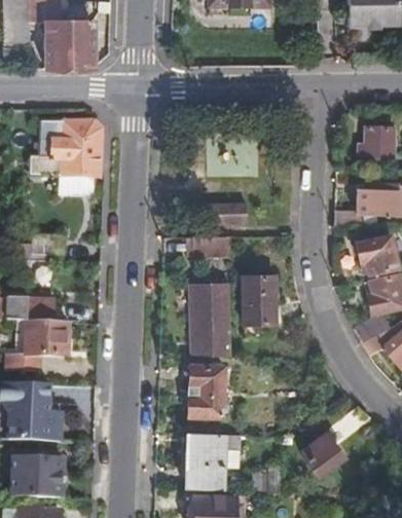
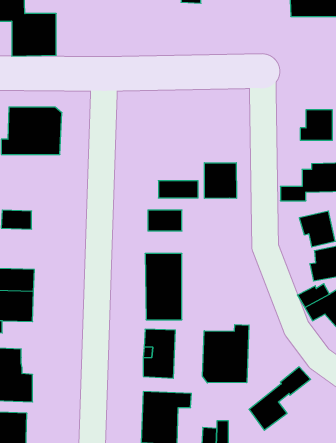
building: none -> [204,163,236,198]
building: [241,275,272,323] -> none
building: none -> [202,325,249,383]

